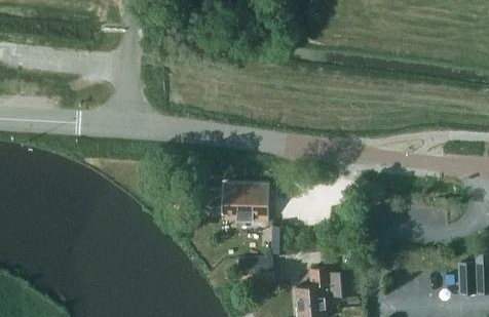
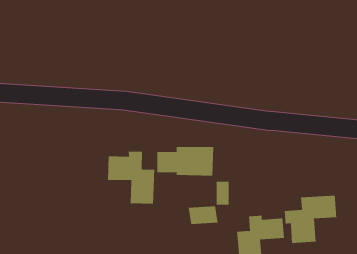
building: none -> [107,151,155,204]
building: none -> [284,195,337,244]

